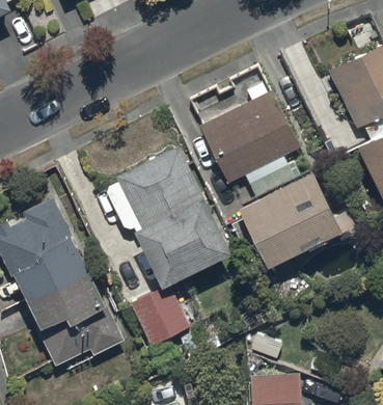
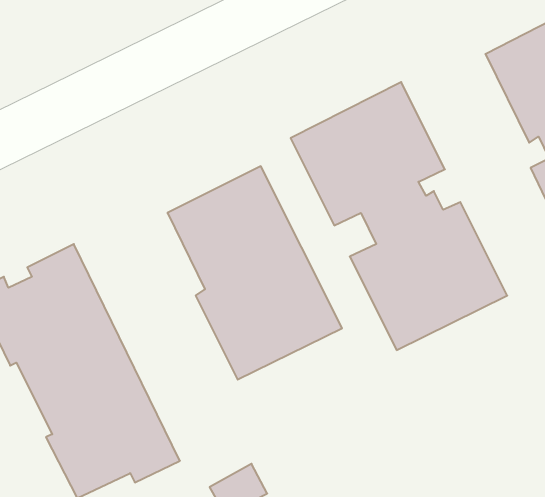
building: [131,286,190,346] -> none

